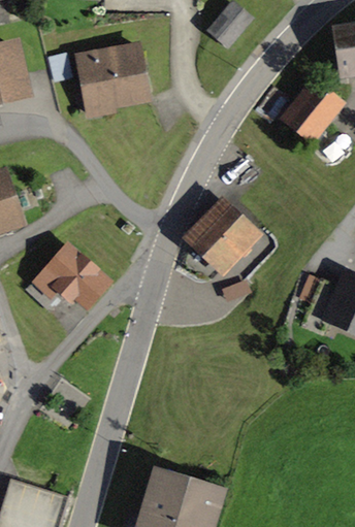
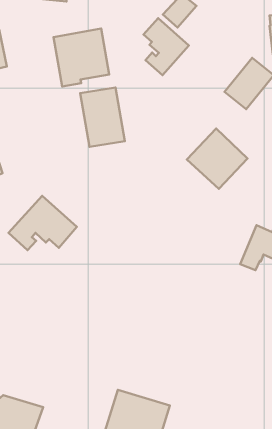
building: none -> [143,18,189,75]
building: none -> [80,87,125,147]
building: [187,198,259,270] -> [187,128,248,189]

